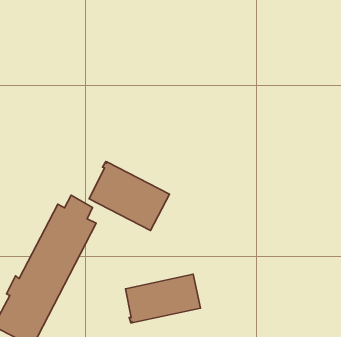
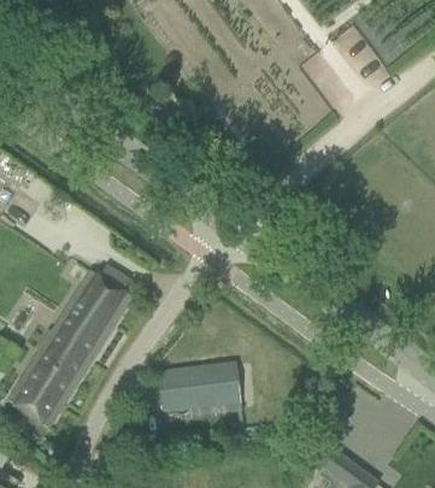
building: [89,162,169,231] -> none

